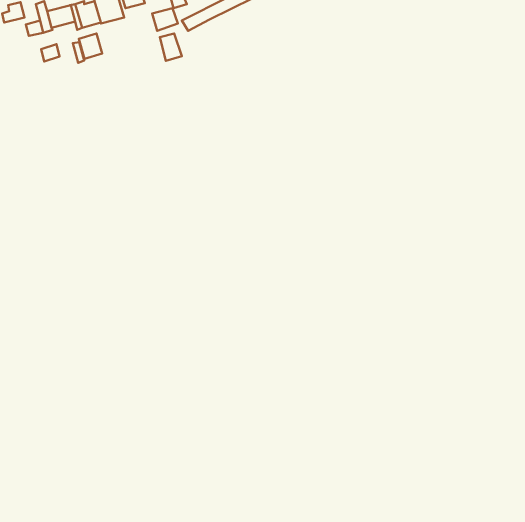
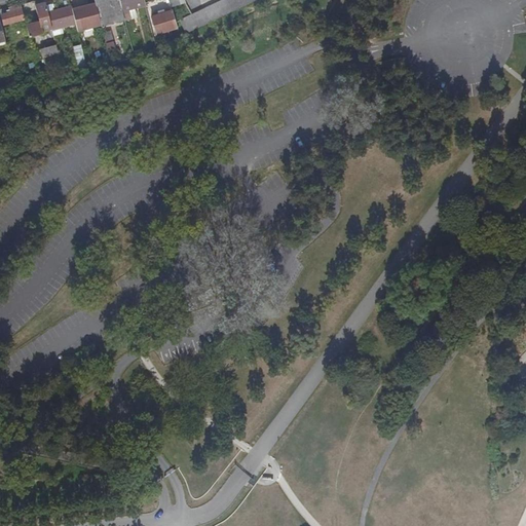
building: [79,34,102,59] -> none
building: [160,34,182,61] -> none

